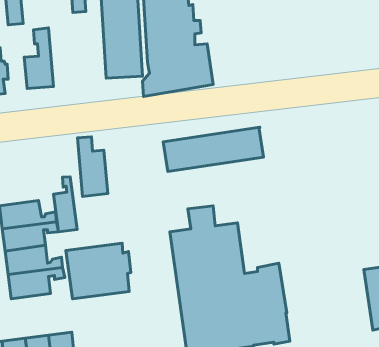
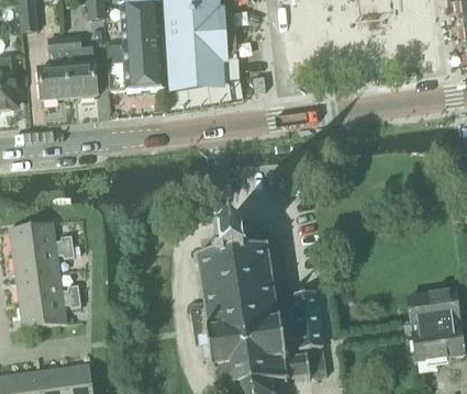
building: [163,127,263,171] -> none
building: [77,137,108,197] -> [64,33,97,98]
building: [54,177,77,232] -> none
building: [66,243,131,299] -> none

